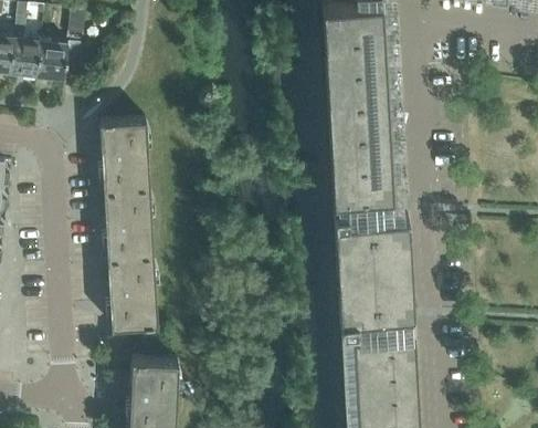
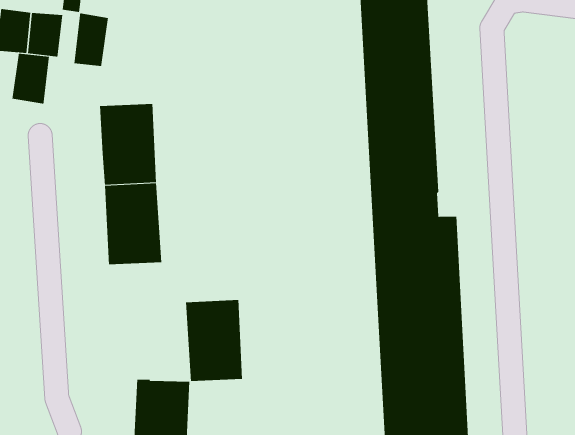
building: none -> [74,12,108,67]
building: none -> [12,53,50,104]
building: [107,259,157,330] -> [185,300,243,382]

